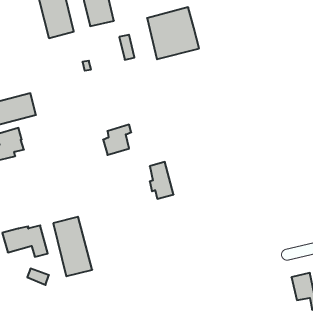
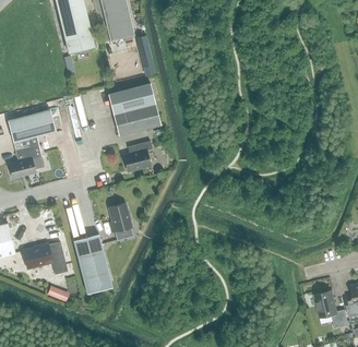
building: [147,7,199,59] -> [108,83,160,135]
building: [150,162,174,199] -> [109,203,133,240]

